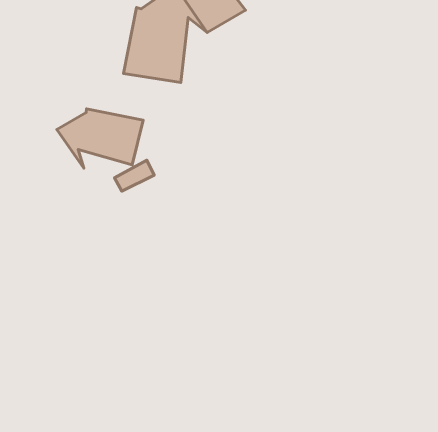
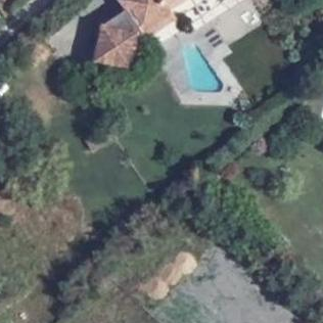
building: [57,109,143,168] -> none

